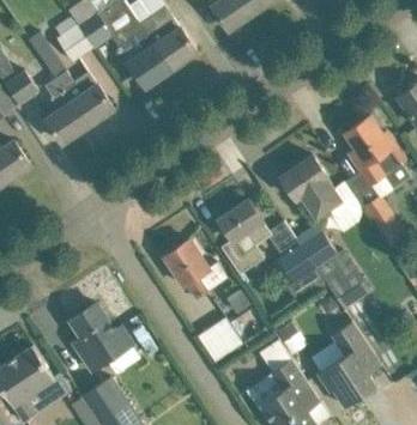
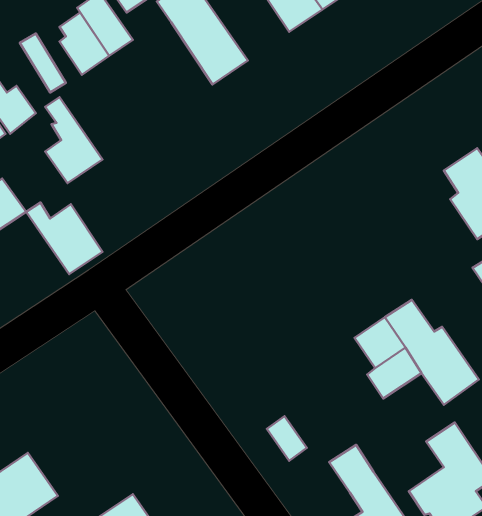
building: [121,23,171,87] -> none
building: [56,72,114,126] -> [26,202,103,274]
building: [279,156,343,220] -> none
building: [219,200,272,275] -> none
building: [165,241,228,299] -> none
building: [71,304,131,371] -> none

